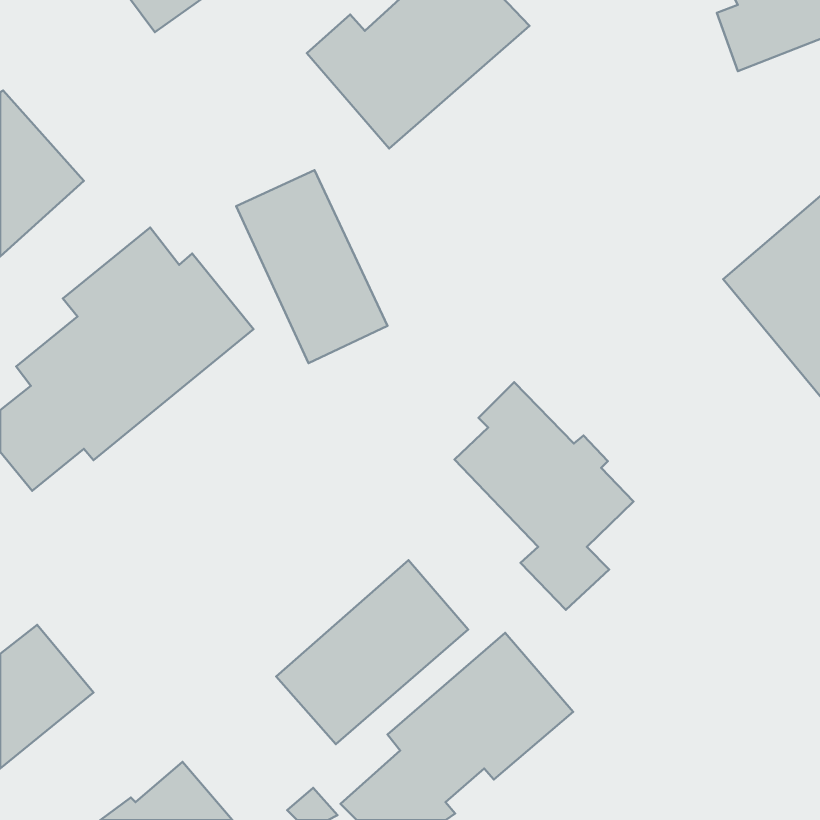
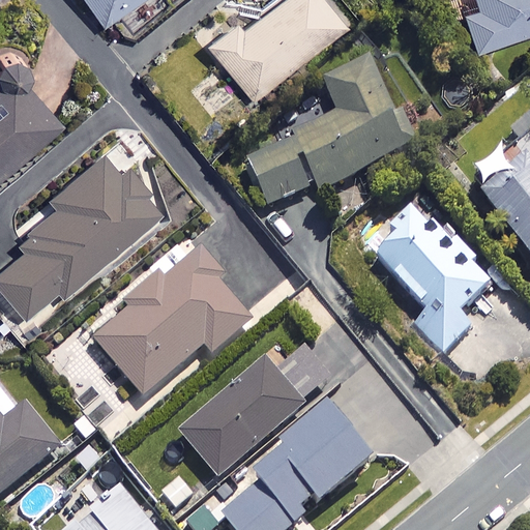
building: none -> [243,60,414,205]
building: [236,170,387,363] -> none
building: [454,382,634,610] -> [375,205,490,351]
building: none -> [95,247,254,396]

